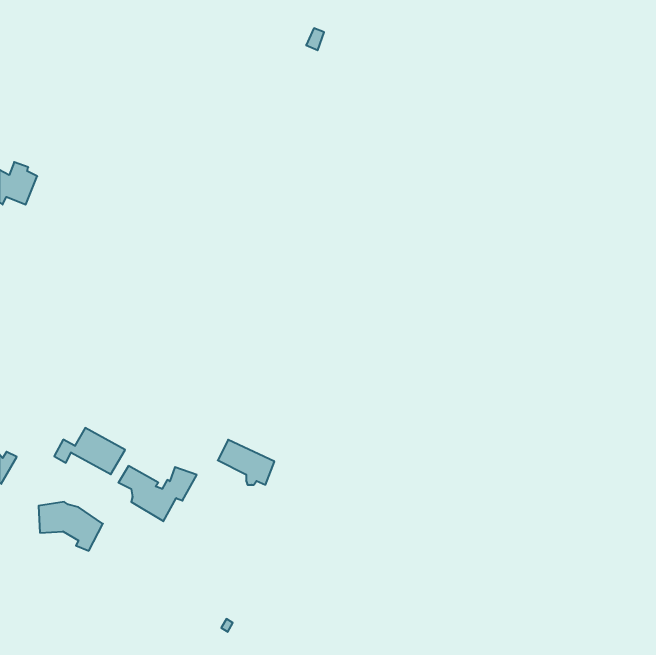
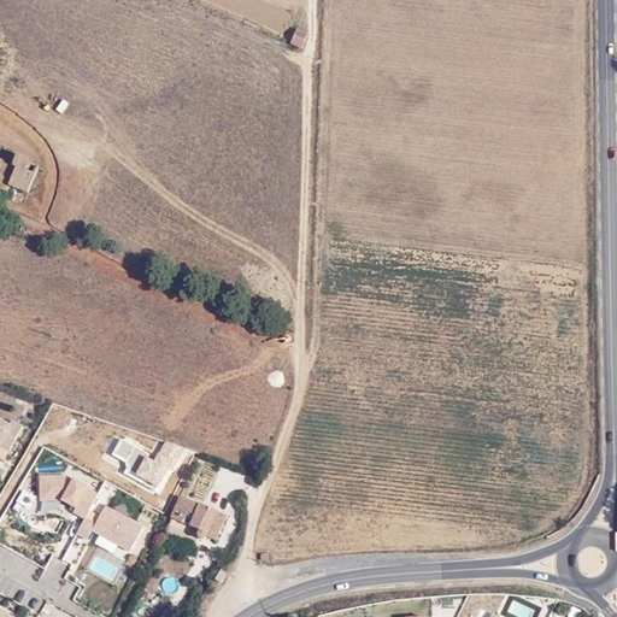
building: [54,428,125,474] -> [75,505,141,548]
building: [218,440,274,485] -> [169,495,222,537]

